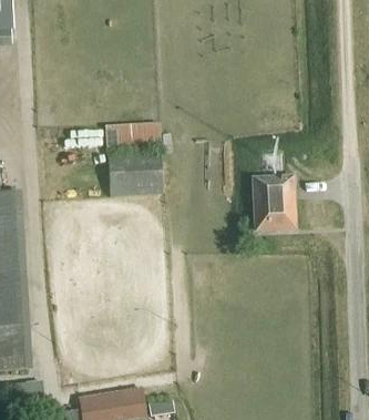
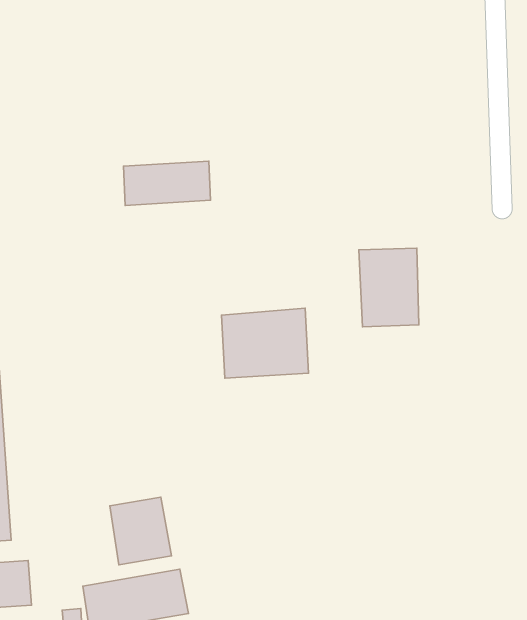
building: [106,150,163,195] -> [221,308,308,378]
building: none -> [110,497,171,565]

